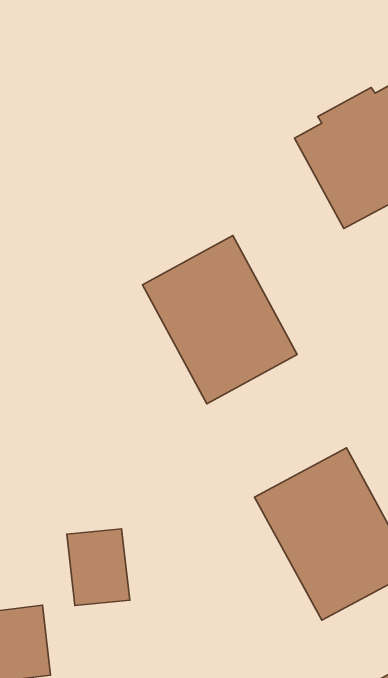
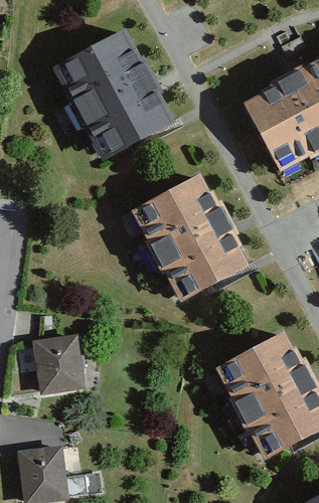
building: none -> [53,30,174,159]
building: [67,529,130,605] -> [35,335,82,391]

